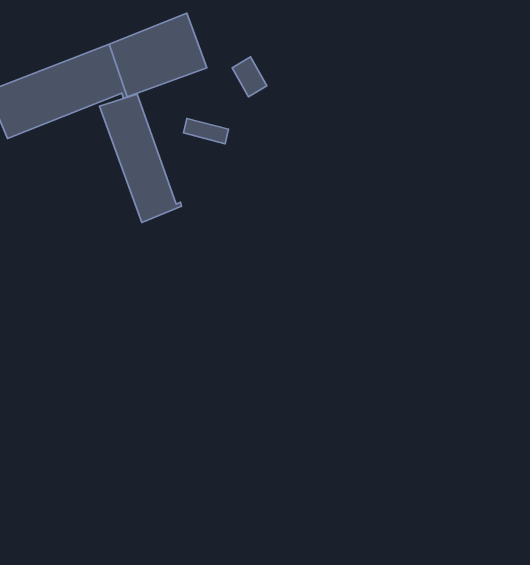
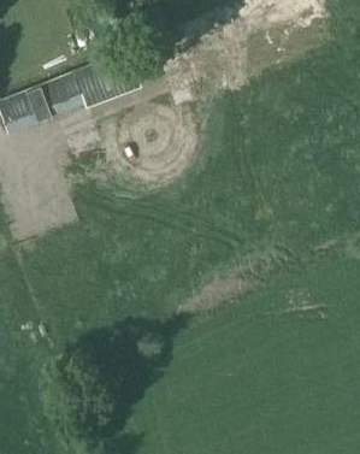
building: [99,94,181,223] -> none

